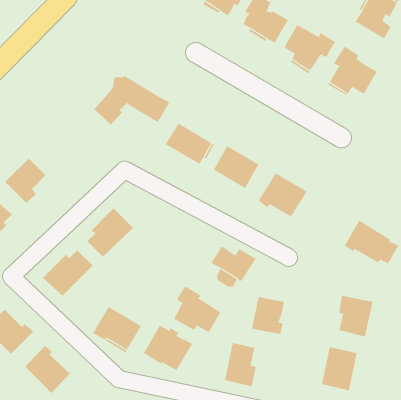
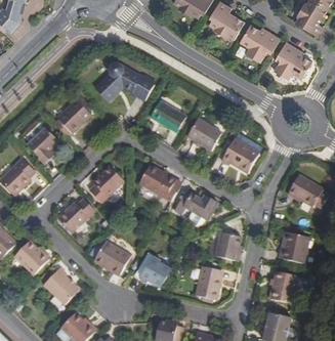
building: none -> [55,92,92,135]
building: none -> [140,163,177,198]
building: [173,285,221,333] -> none

